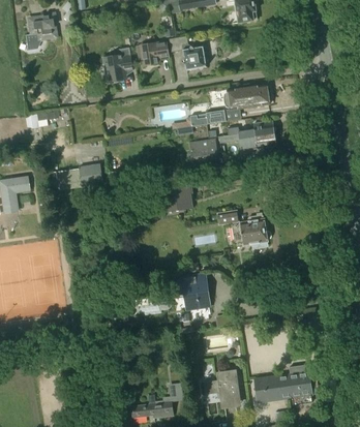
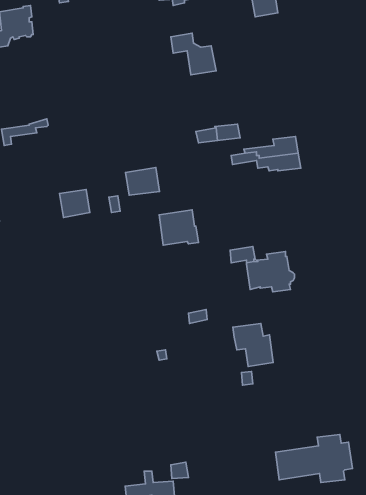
building: [137,41,170,65] -> none
building: [103,48,132,82] -> none
building: [229,83,270,109] -> none
building: [190,139,218,161] -> [125,168,160,195]
building: [176,273,209,308] -> [233,323,273,366]
building: [204,370,239,406] -> none

